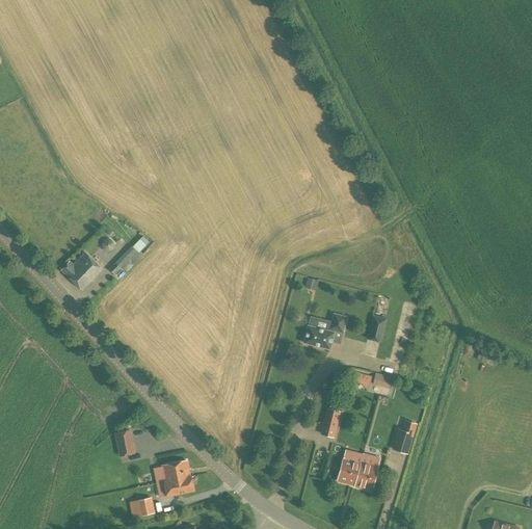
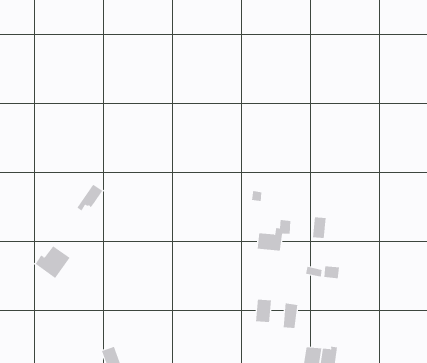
building: [61,252,102,289] -> [35,245,70,279]
building: none -> [256,299,272,323]
building: [392,419,417,453] -> none

